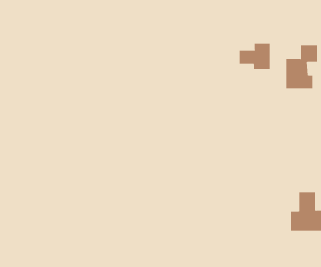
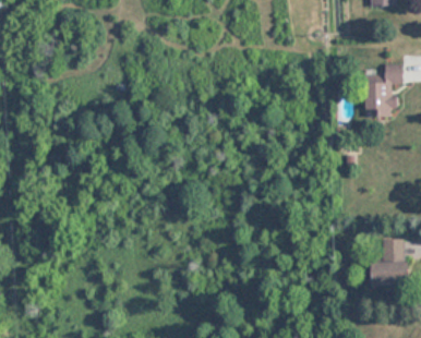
building: [239,43,270,70] -> none

